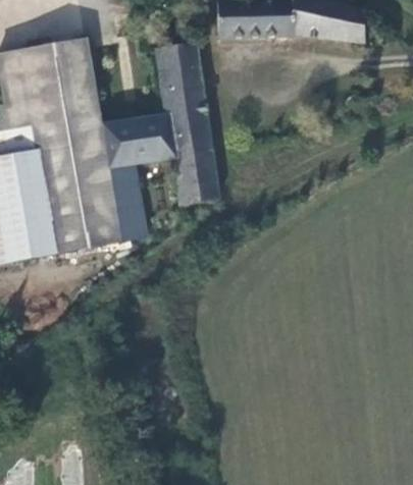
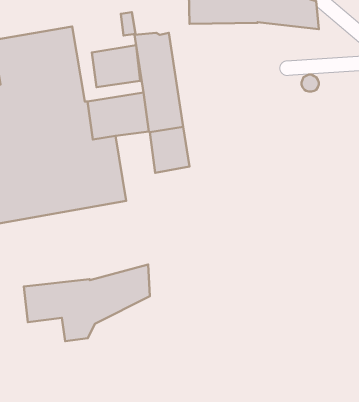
building: none -> [92,45,140,87]
building: none -> [24,265,150,341]

